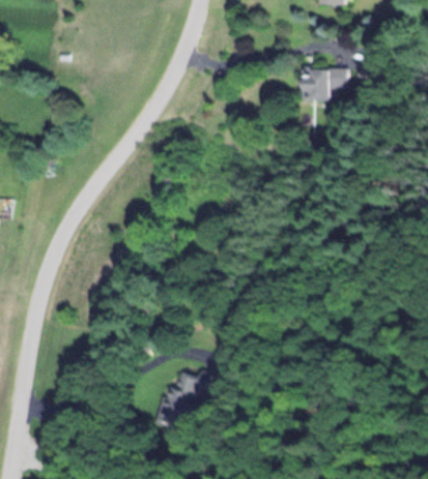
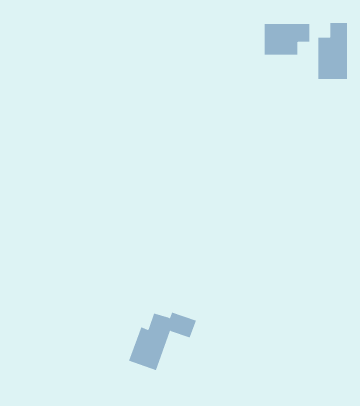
building: none -> [318,22,347,80]

